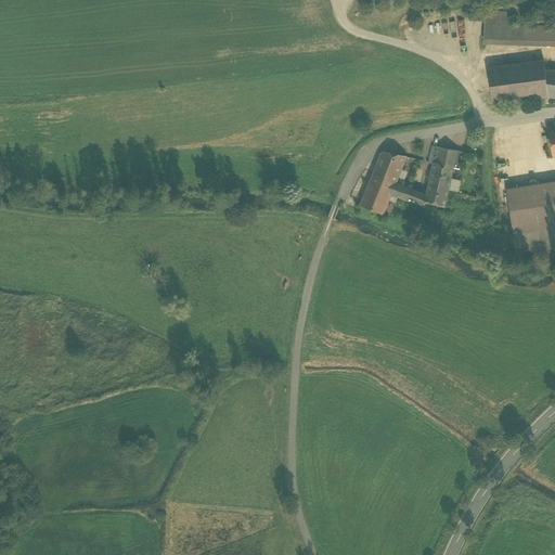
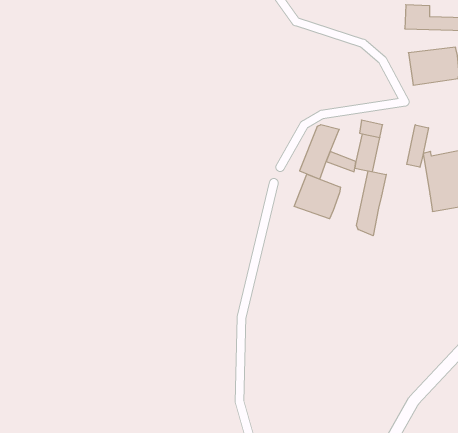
building: none -> [407,125,428,167]
building: none -> [356,171,386,236]
building: none -> [294,174,340,219]

